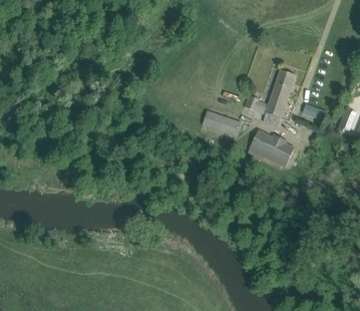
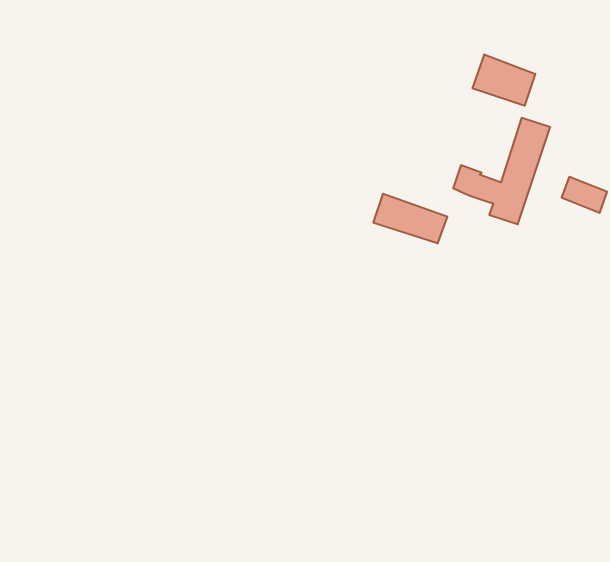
building: none -> [473,54,535,106]
building: [247,129,294,170] -> none

